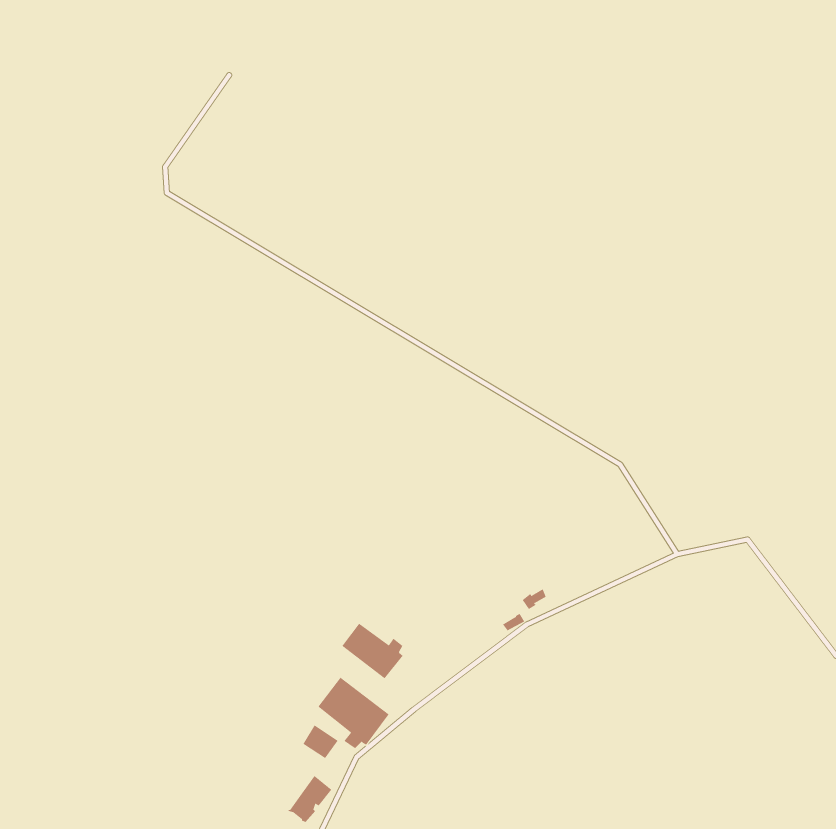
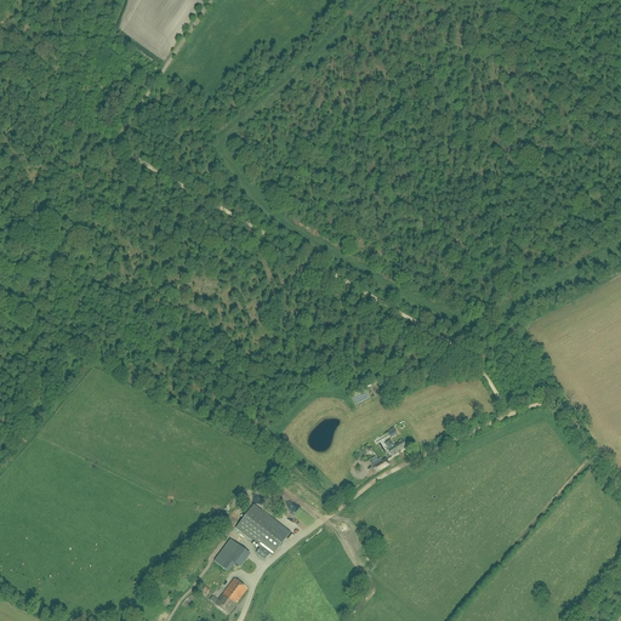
building: [342,623,403,679] -> none

